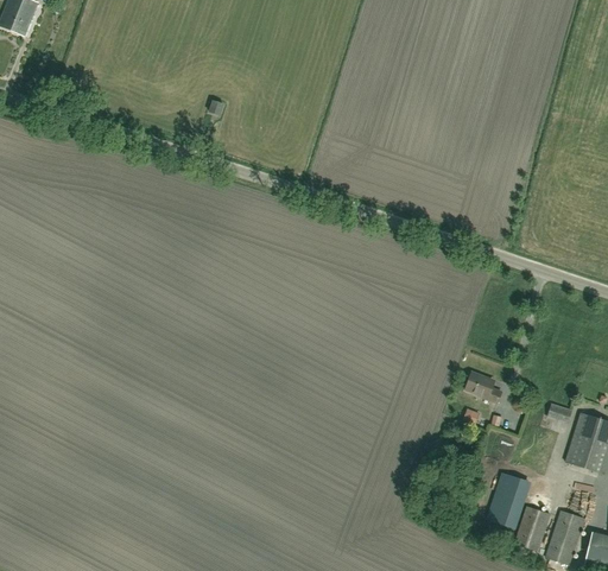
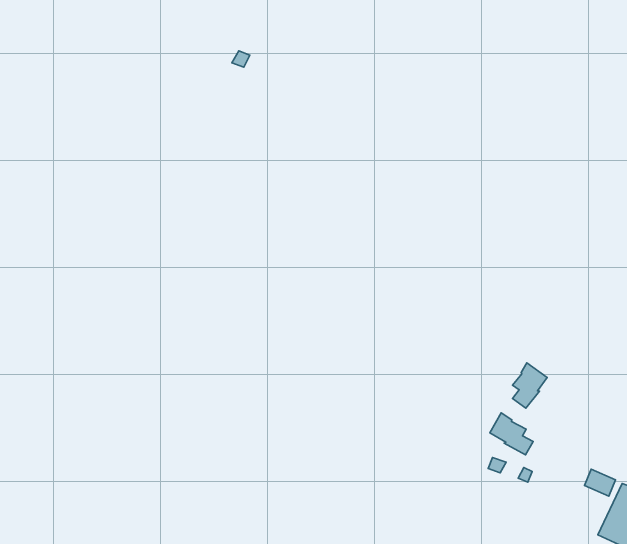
building: none -> [512,363,547,408]

